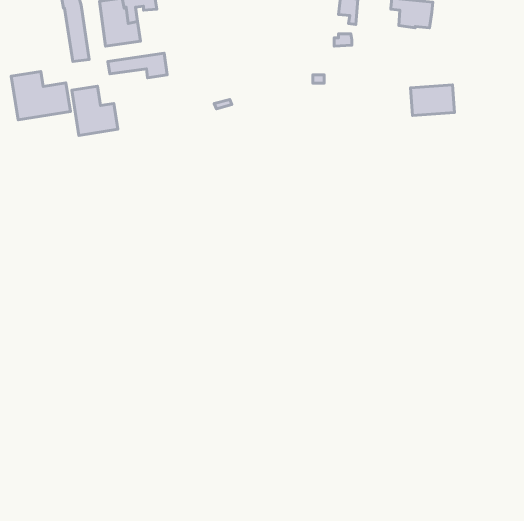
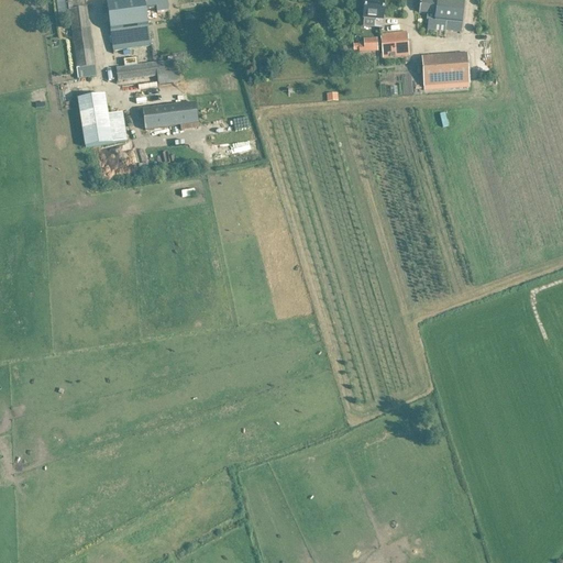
building: none -> [380,32,408,54]
building: [11,71,70,120] -> none
building: [410,85,454,115] -> [421,52,468,85]
building: none -> [142,100,198,129]

